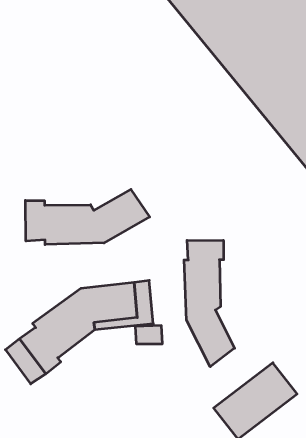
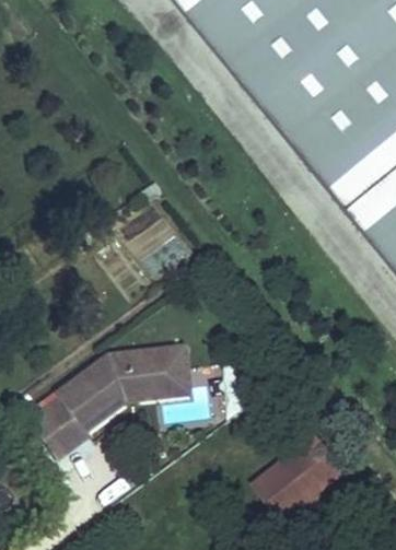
building: [25,189,150,245] -> none
building: [184,240,235,367] -> none

